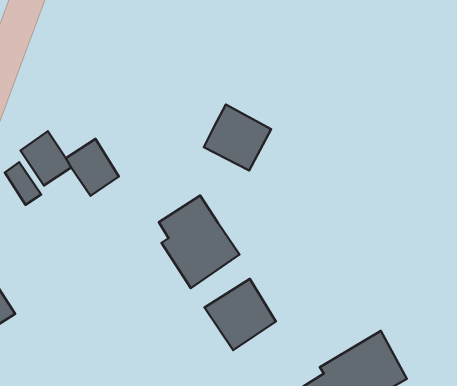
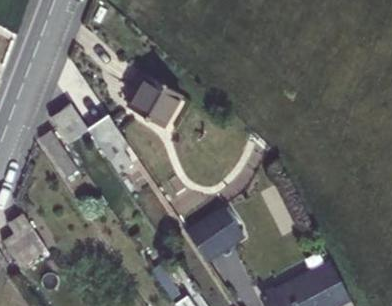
building: [204,104,271,171] -> [131,78,183,129]
building: [159,195,239,288] -> none

